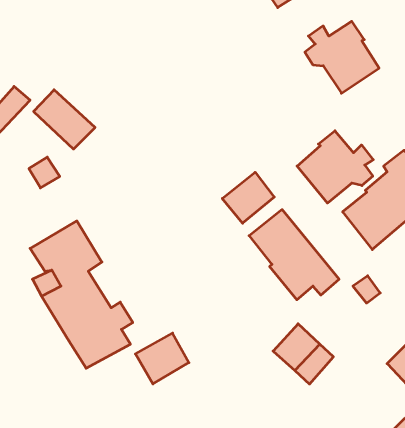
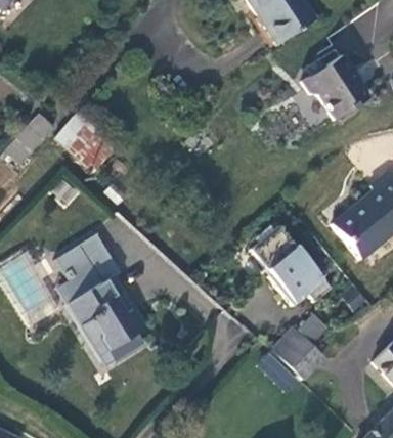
building: [297,131,373,203] -> none
building: [222,172,274,223] -> none
building: [135,333,189,384] -> none

